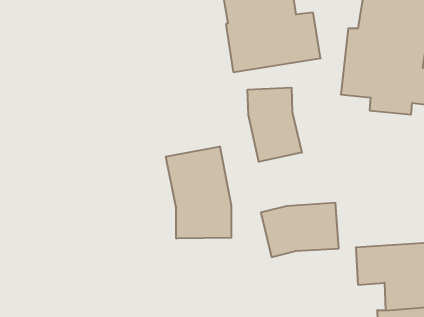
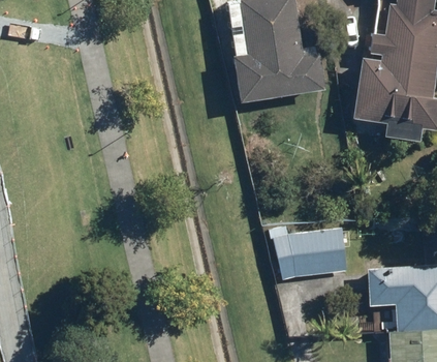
building: [248,88,302,162] -> none
building: [166,146,231,239] -> none

